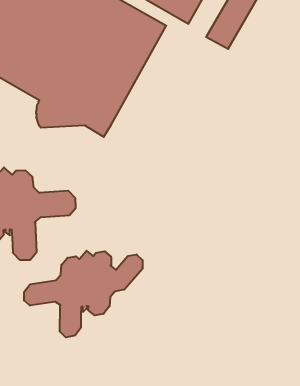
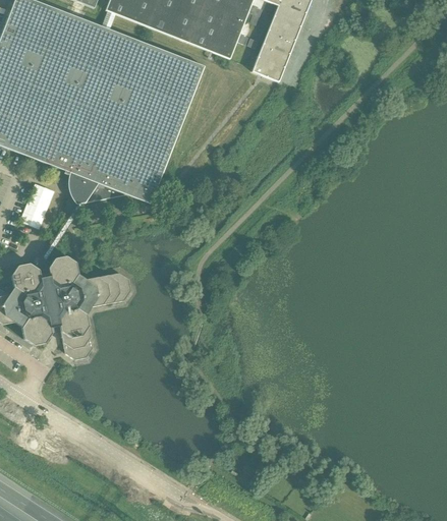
building: [24,251,143,337] -> none

